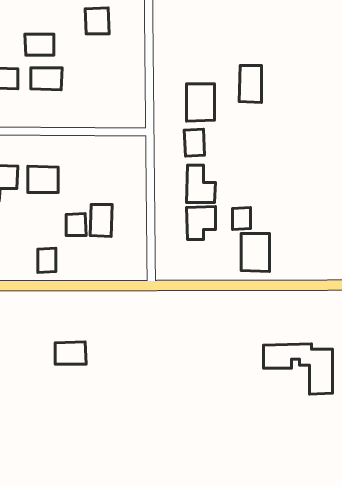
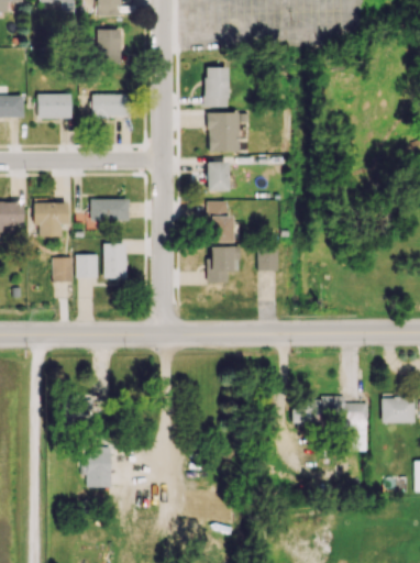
building: [25,34,54,55] -> none
building: [239,65,261,103] -> [203,67,228,108]
building: none -> [91,95,128,118]
building: none -> [90,199,129,221]
building: [241,234,269,271] -> none
building: [38,248,56,272] -> [53,256,73,283]
building: none -> [84,446,111,488]

